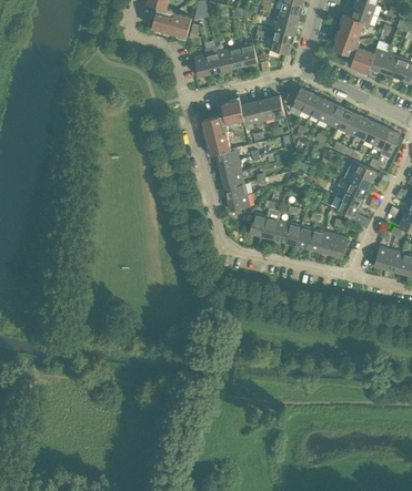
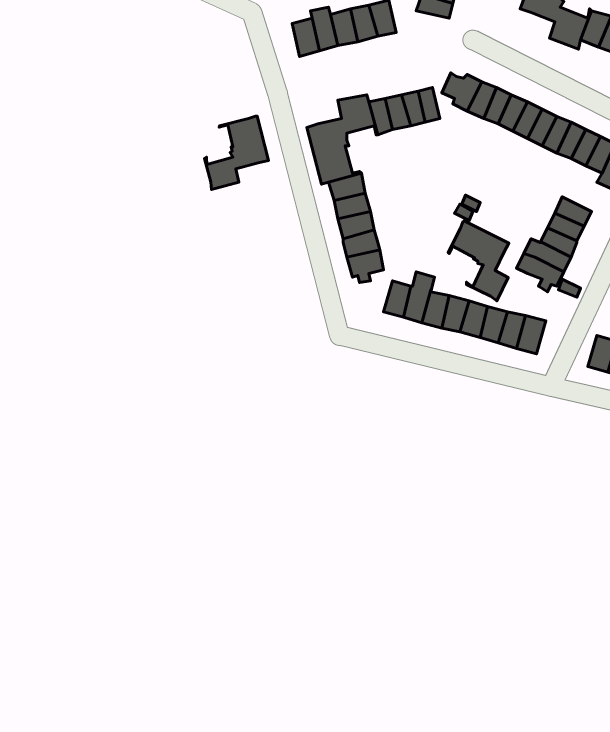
building: none -> [205,116,268,189]
building: none -> [448,221,509,301]

